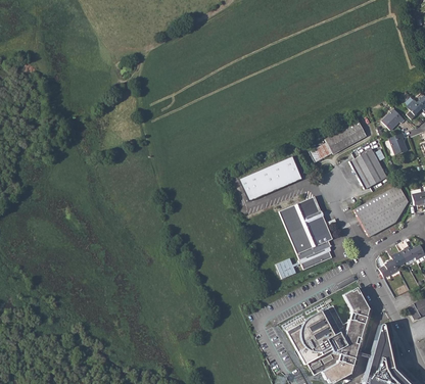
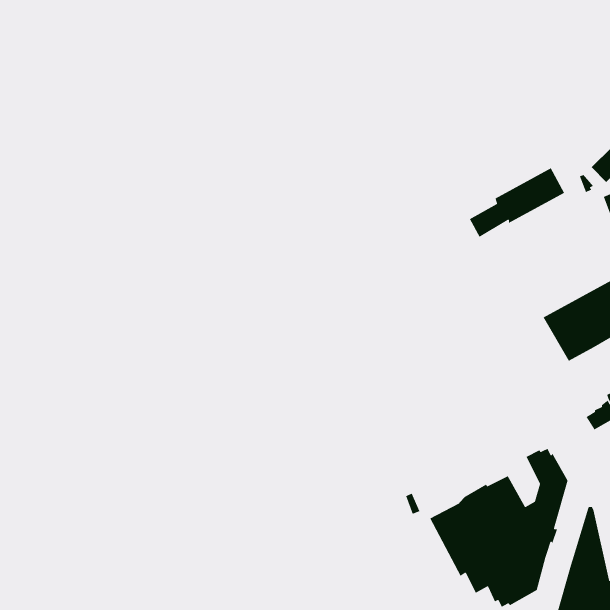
building: [349,148,387,189] -> none
building: [237,156,300,202] -> none
building: [277,196,332,279] -> none

